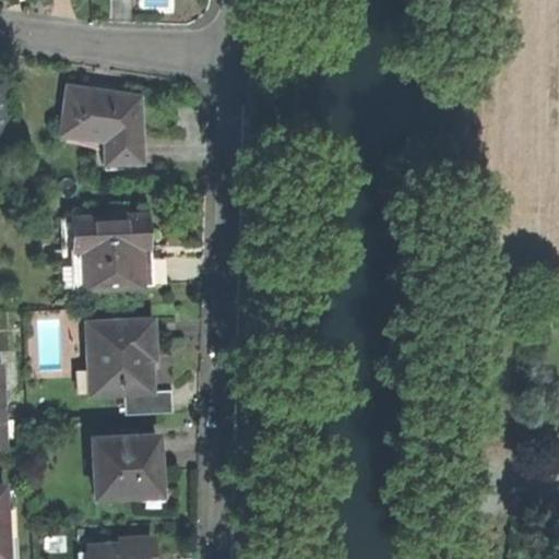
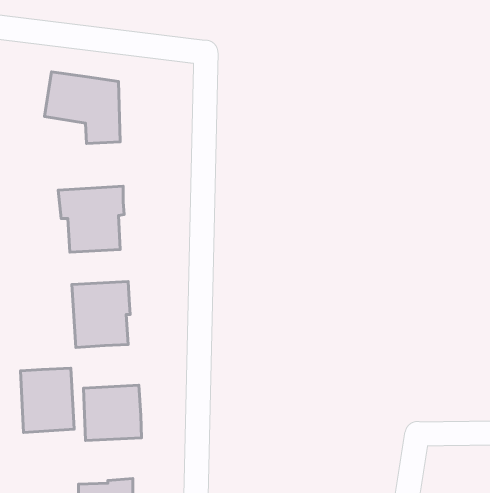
building: [124,389,175,415] -> none
building: none -> [20,368,74,433]

